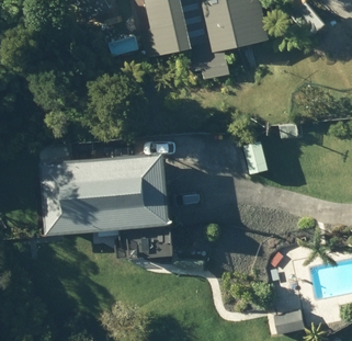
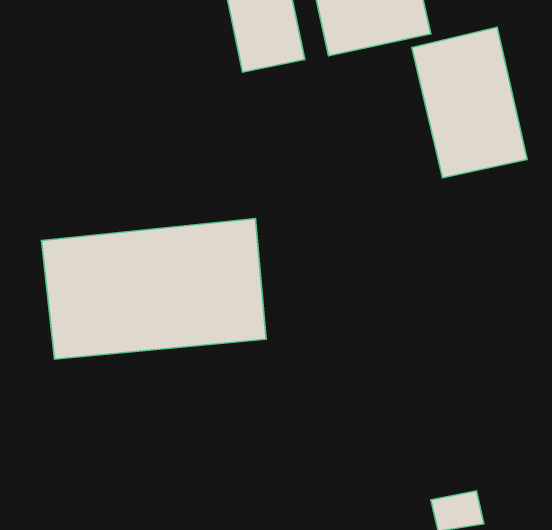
building: none -> [412,27,527,178]

